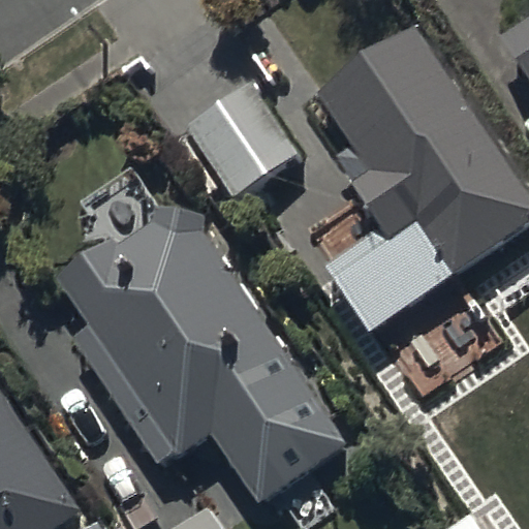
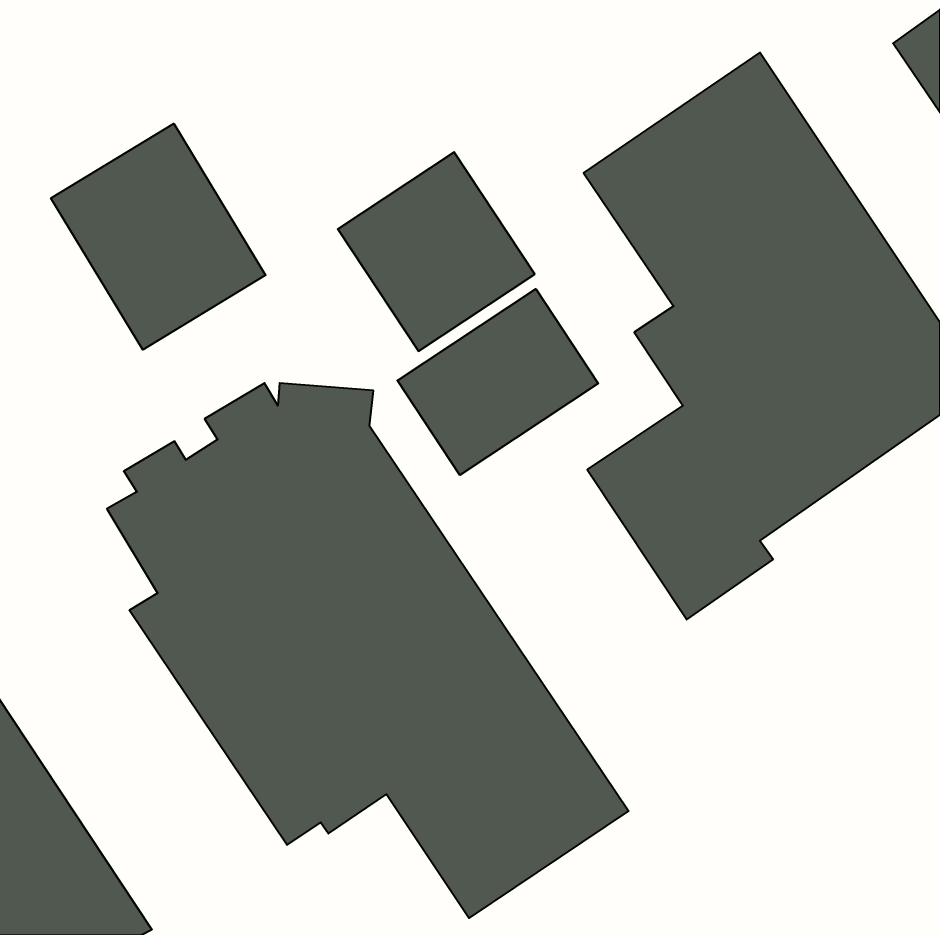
building: none -> [51,124,266,350]
building: none -> [397,289,598,475]

